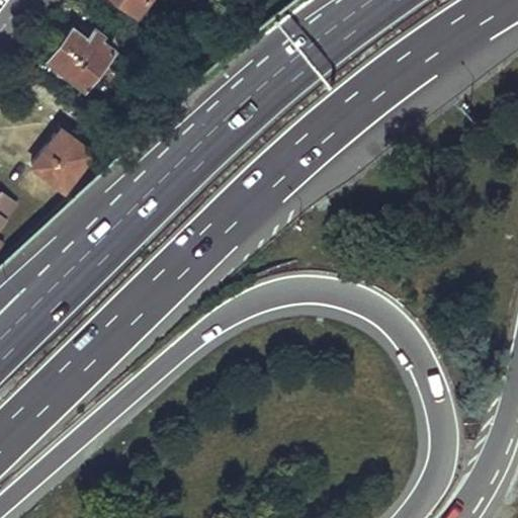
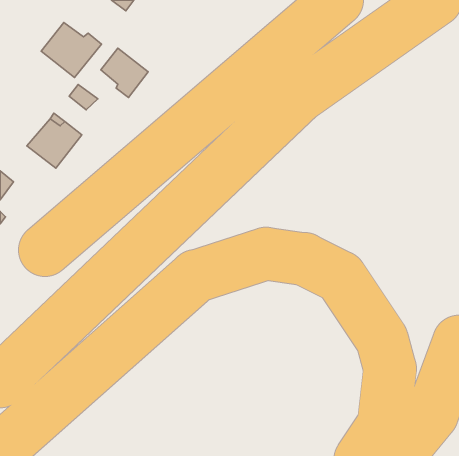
building: none -> [101,48,148,98]

